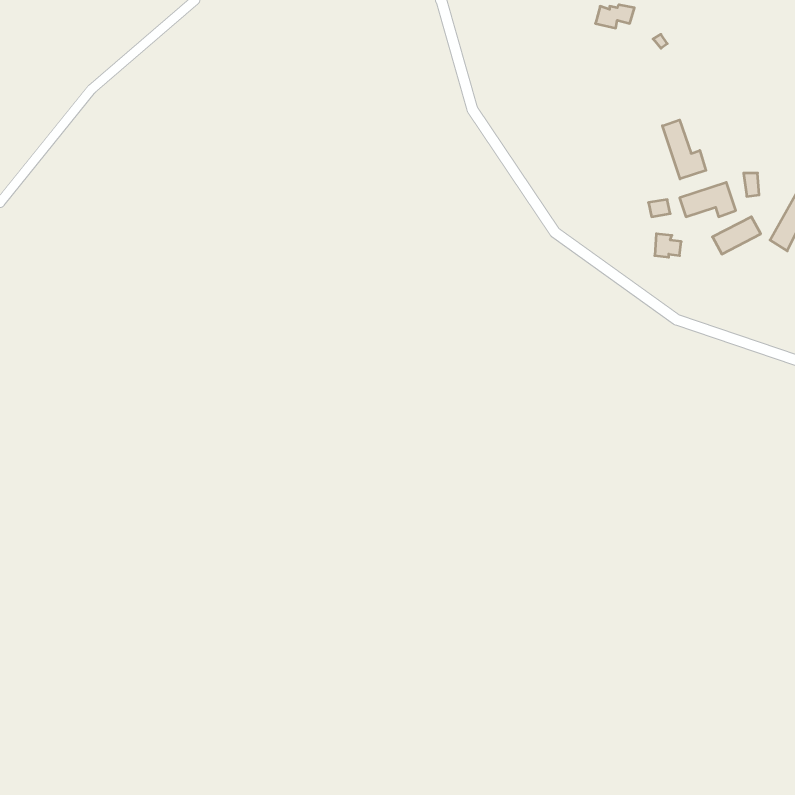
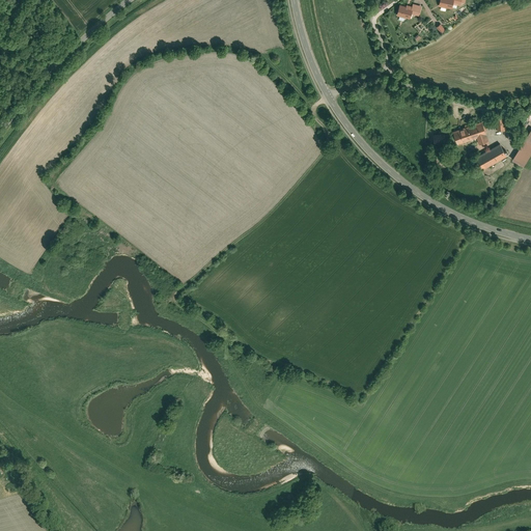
building: [662,120,706,179] -> none

